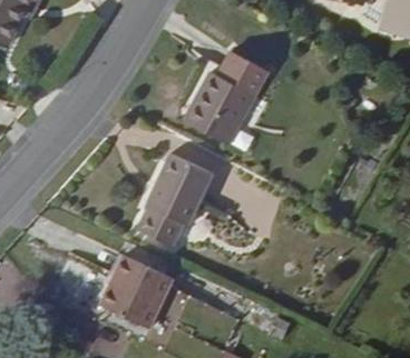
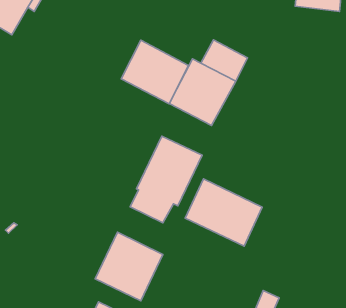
building: none -> [121,40,189,104]
building: none -> [185,179,262,246]

